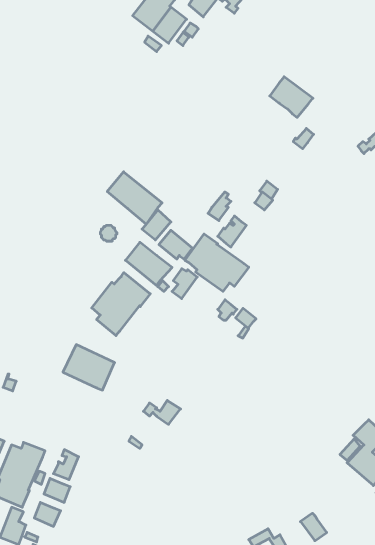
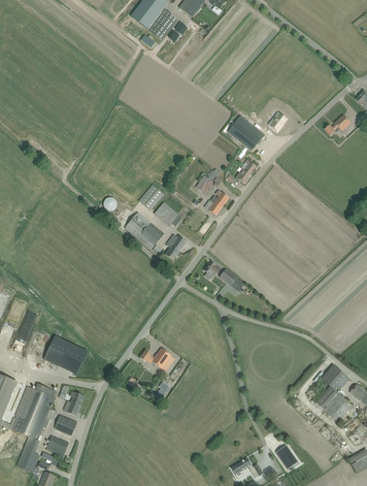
building: [270,77,313,117] -> [228,116,265,151]
building: [107,172,162,224] -> none
building: [185,234,249,291] -> none
building: [92,273,150,336] -> none
building: [63,345,115,390] -> [43,335,88,375]

